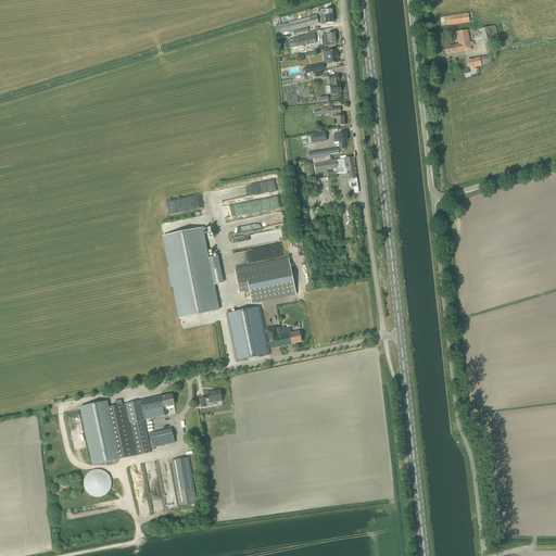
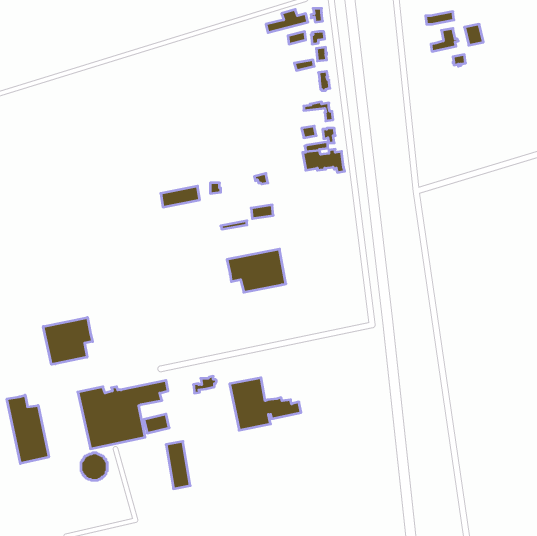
building: [163,227,223,317] -> none
building: [227,305,301,359] -> [230,378,301,430]
building: none -> [43,317,93,364]
building: none -> [7,395,49,464]

